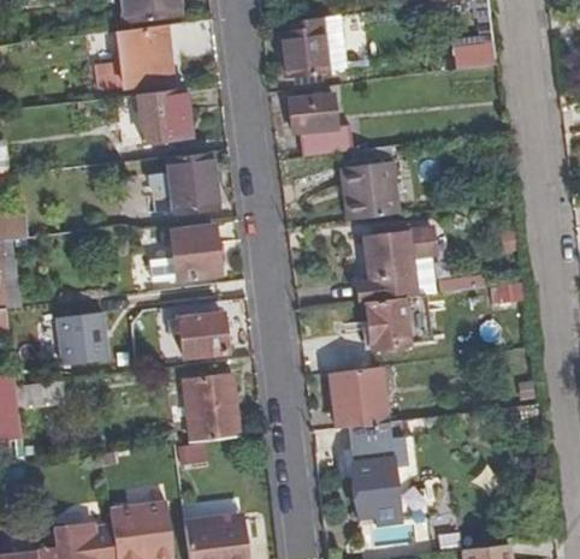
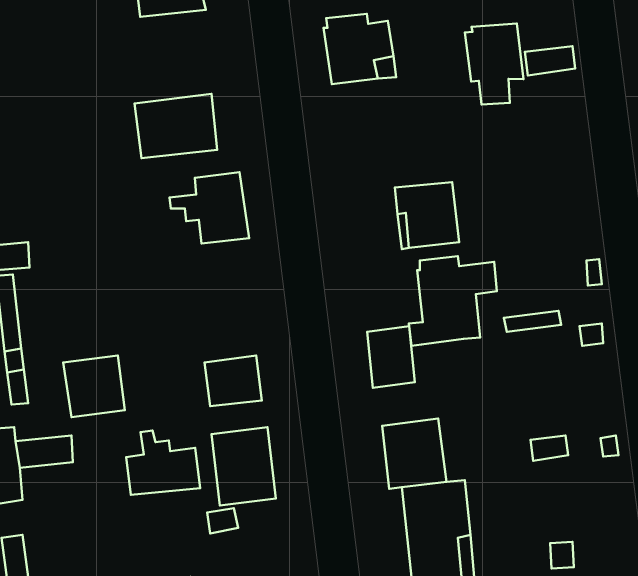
building: [97,24,172,88] -> none
building: none -> [465,24,523,104]
building: [291,94,351,156] -> none
building: [150,222,219,275] -> none
building: [365,297,406,350] -> [367,326,415,388]
building: none -> [126,431,200,495]

